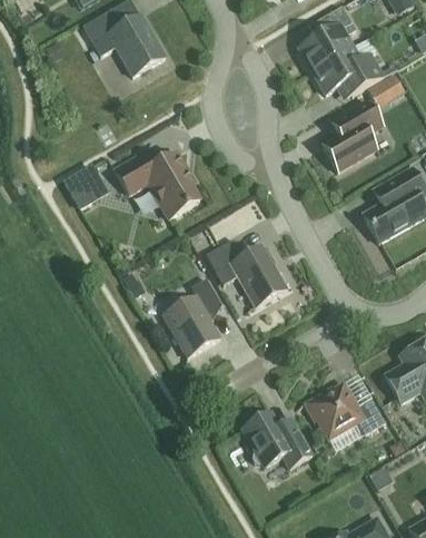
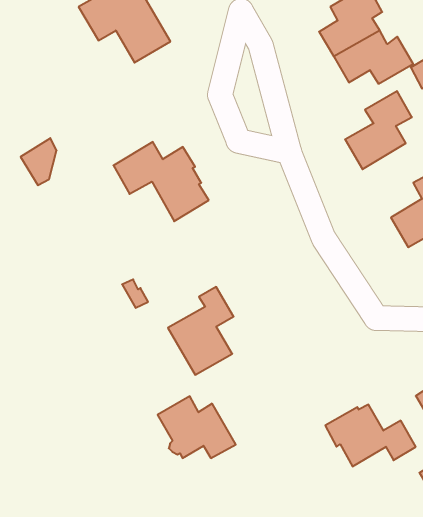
building: [65,165,97,207] -> [21,138,57,185]
building: [206,238,287,306] -> none
building: [241,411,311,467] -> [158,396,236,458]

